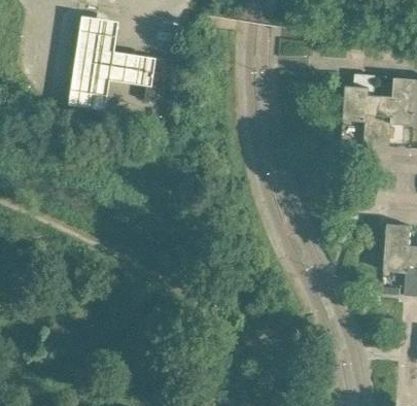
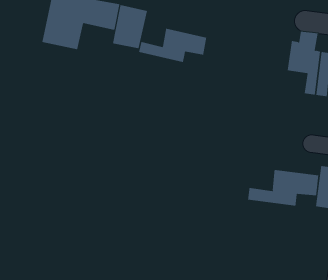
building: none -> [139,28,207,63]
building: none -> [248,169,319,207]

